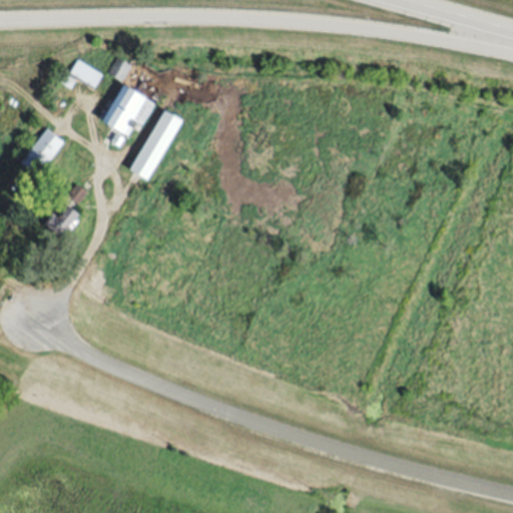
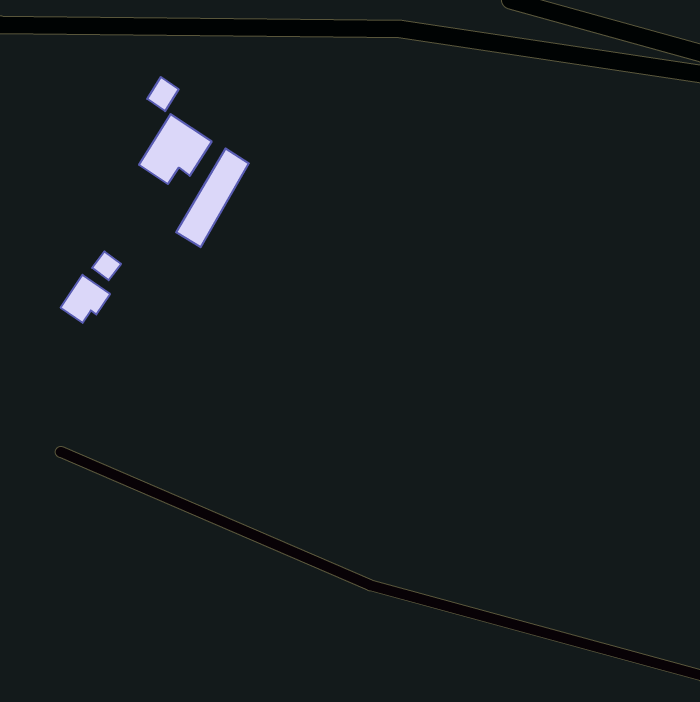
building: [70,58,105,89] -> none
building: [21,127,65,175] -> none

